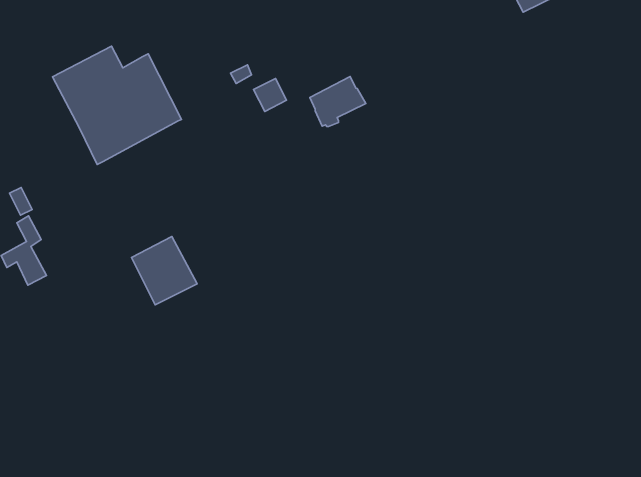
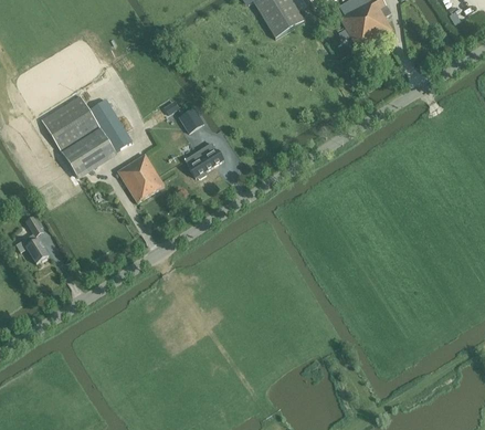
building: [310,77,366,127] -> [184,140,223,176]
building: [131,237,197,305] -> [117,153,164,200]

